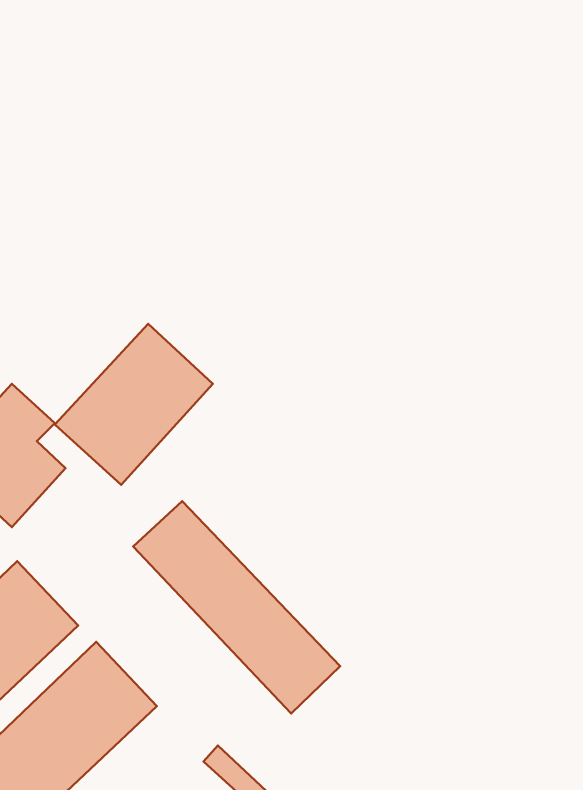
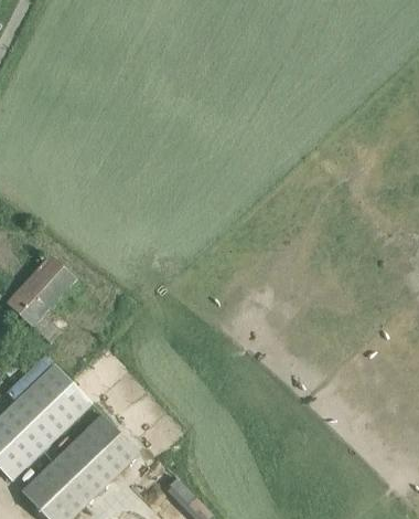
building: [55,324,213,485] -> none
building: [133,501,340,713] -> none

